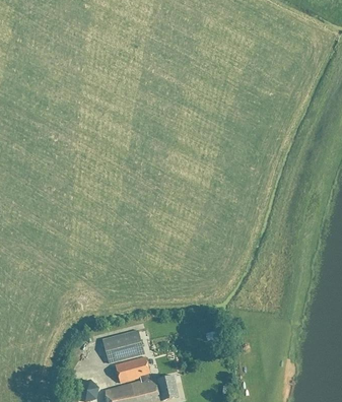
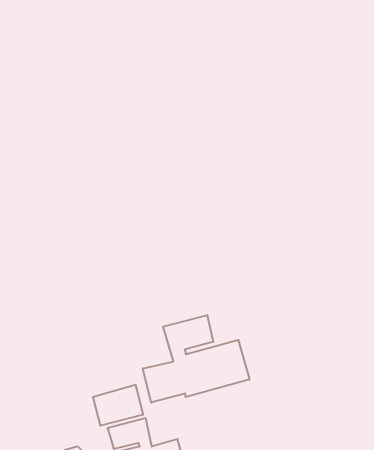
building: none -> [143,315,249,403]

